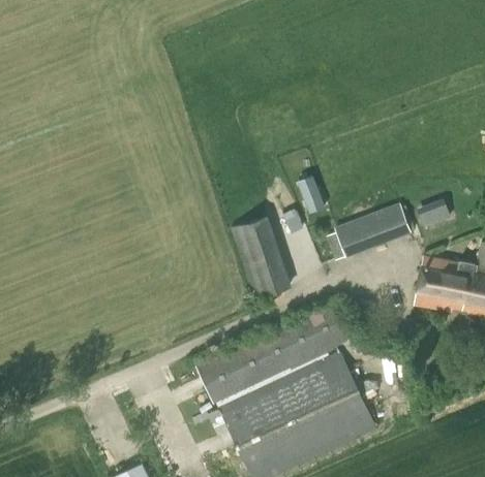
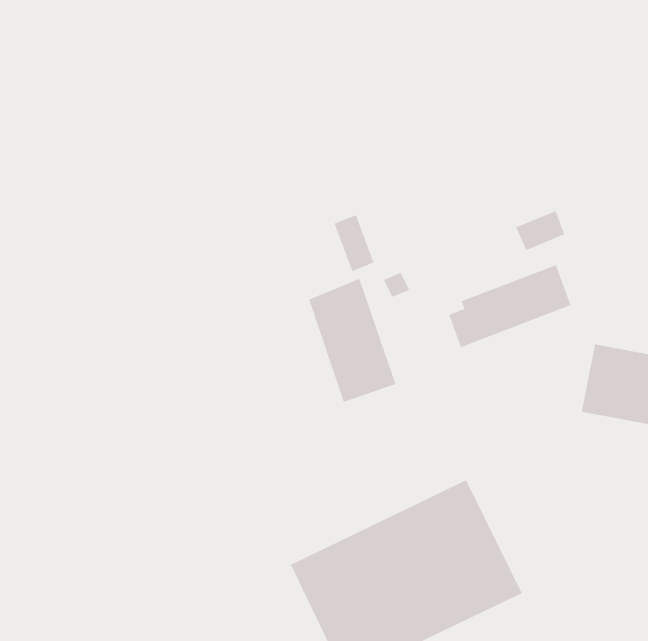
building: [297,172,325,212] -> [334,214,375,272]
building: [417,200,451,228] -> [515,210,565,251]
building: [196,304,348,404] -> none

